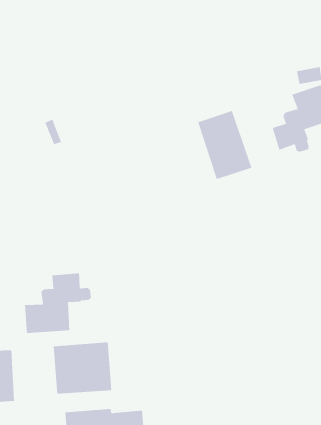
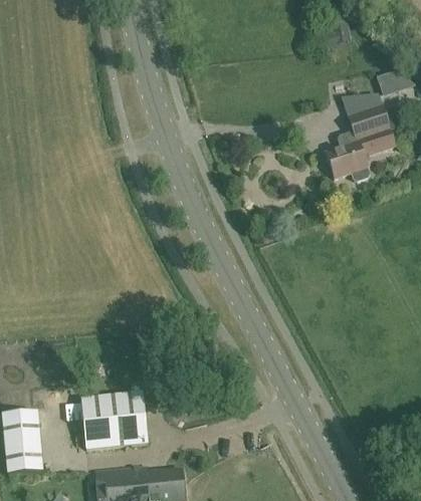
building: [197,110,252,180] -> none
building: [24,273,91,334] -> none

